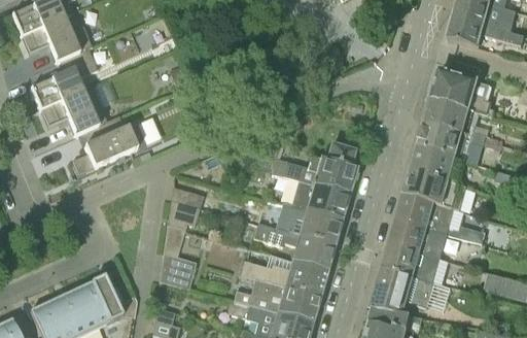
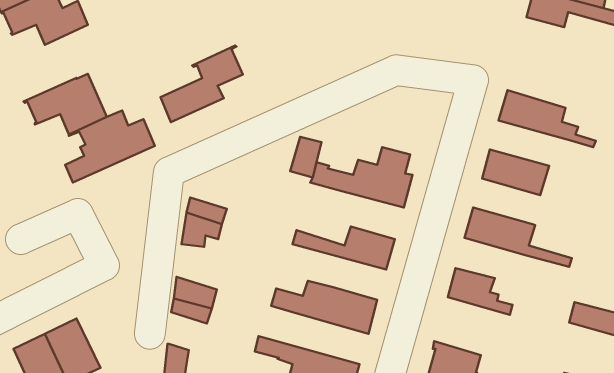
building: [30,45,97,108] -> [161,45,243,122]
building: [432,62,495,117] -> none
building: [418,124,485,164] -> none
building: [405,171,459,208] -> none
building: [290,181,348,221] -> none
building: [390,219,448,258] -> none
building: [254,225,333,270] -> none
building: [373,268,434,315] -> none
building: [81,276,121,326] -> none
building: [234,280,319,323] -> none

